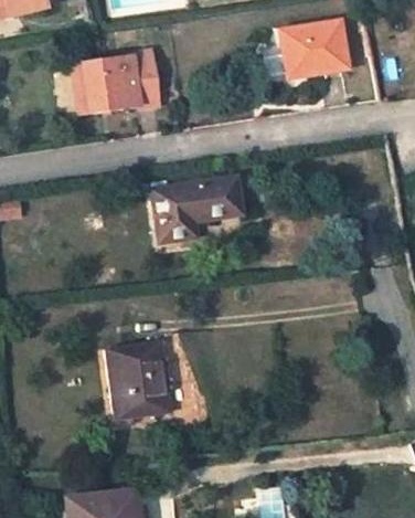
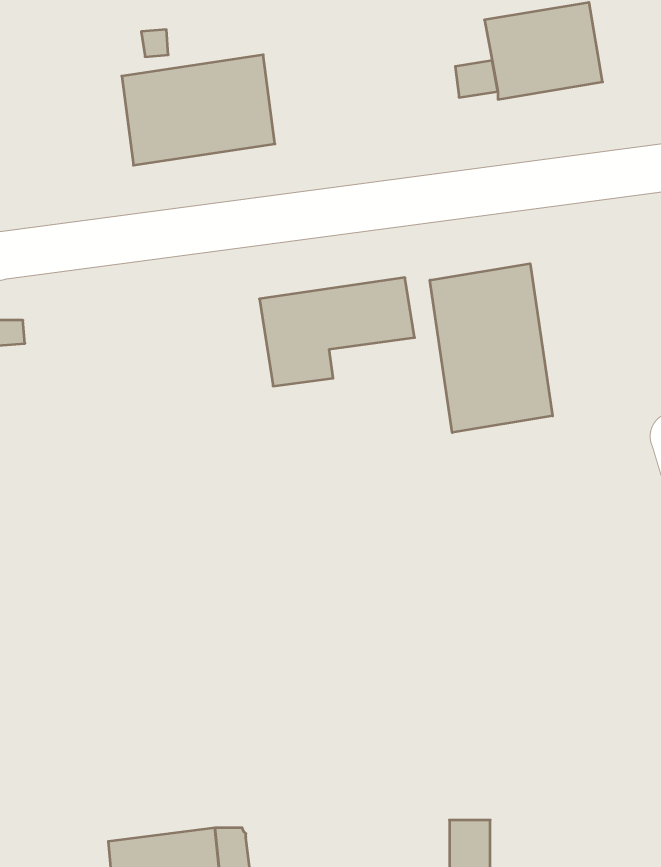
building: none -> [430,264,553,433]
building: [103,342,170,421] -> none

